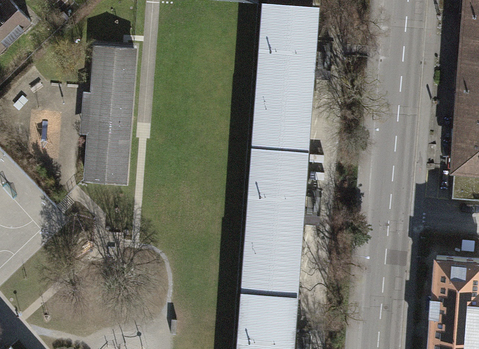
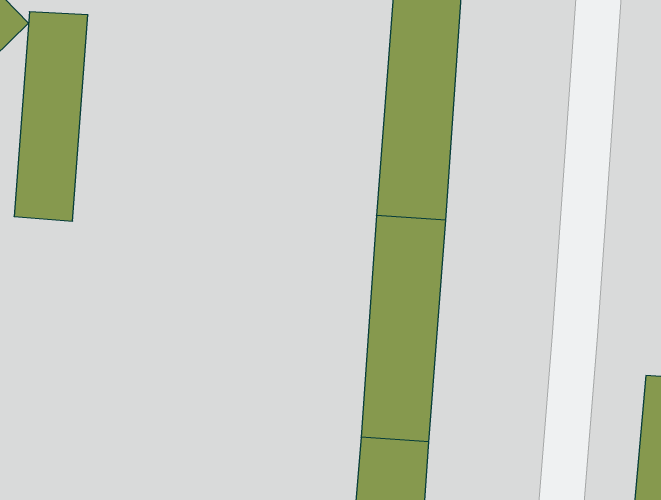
building: [87,49,135,185] -> [14,12,88,221]

